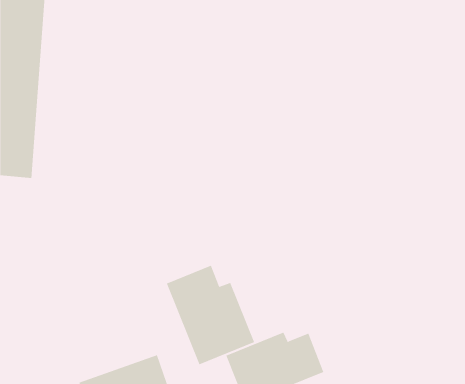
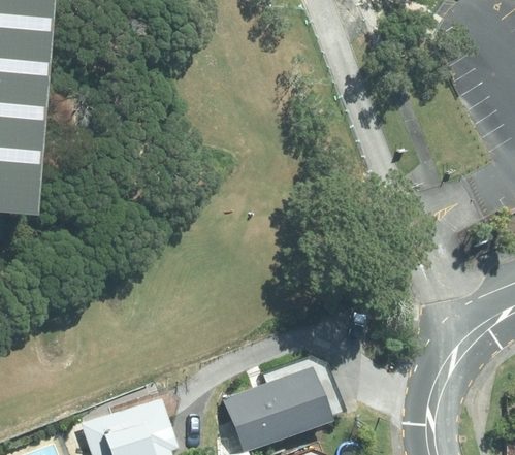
building: [166,265,255,365] -> none

